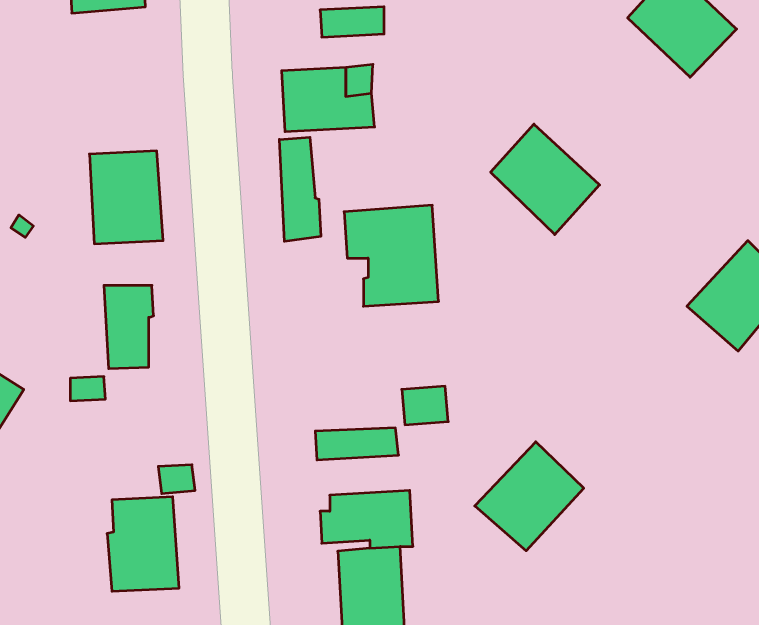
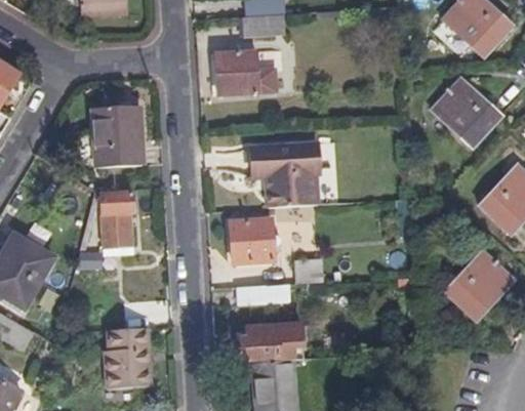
building: [491,124,600,235] -> [428,80,497,151]
building: [279,137,321,241] -> none
building: none -> [232,219,275,263]
building: [475,442,584,551] -> [443,251,513,321]

